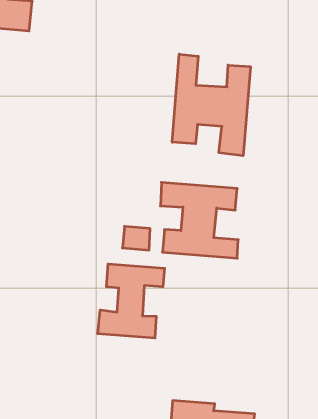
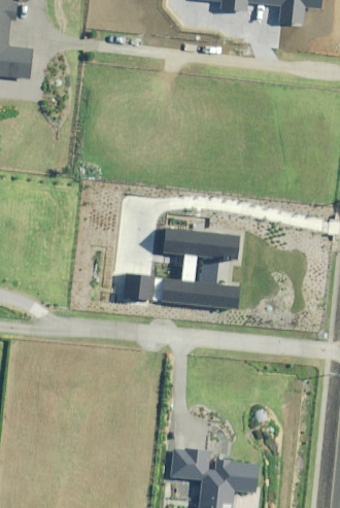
building: [172,54,250,156] -> none
building: [98,264,165,338] -> none

